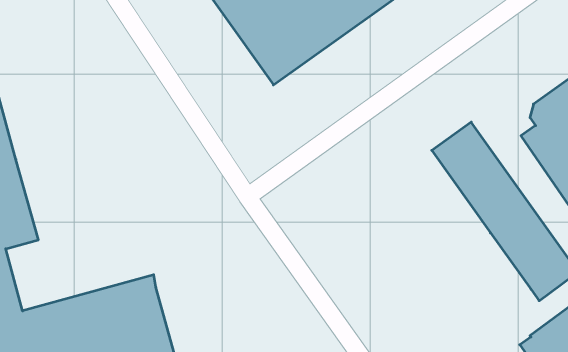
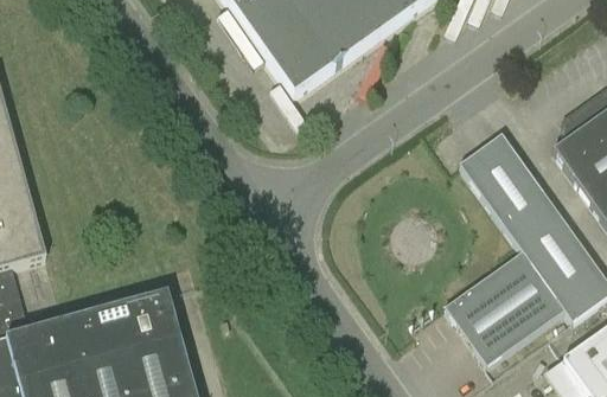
building: none -> [443,249,563,364]

